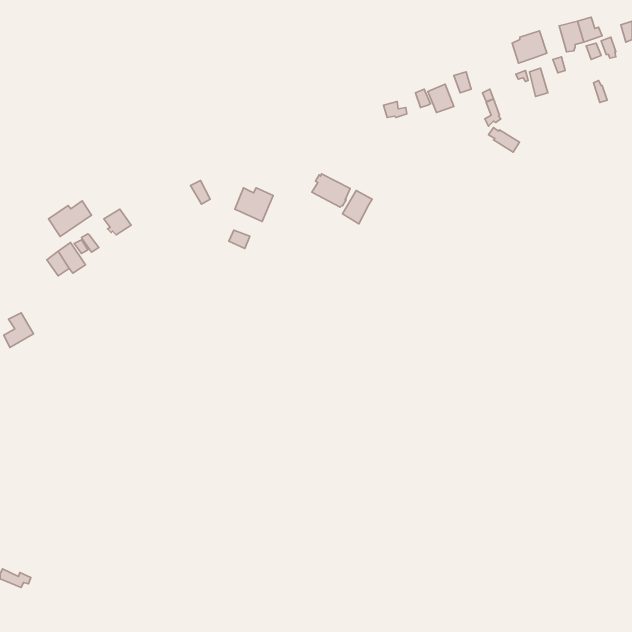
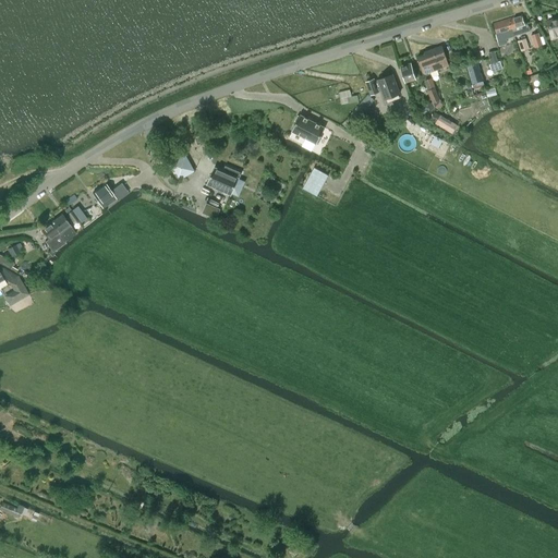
building: [512,31,547,63] -> [417,46,448,74]
building: [312,174,350,207] -> [291,114,325,144]
building: [48,201,91,237] -> none

